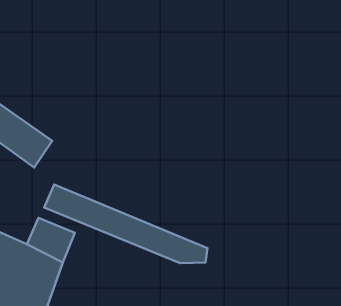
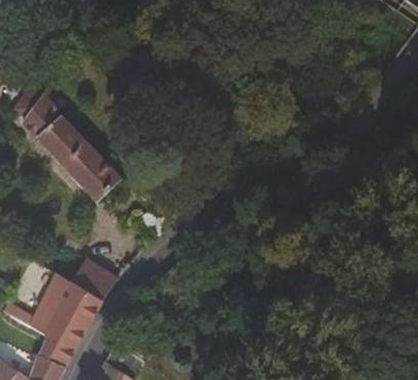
building: [44,184,207,263] -> none

